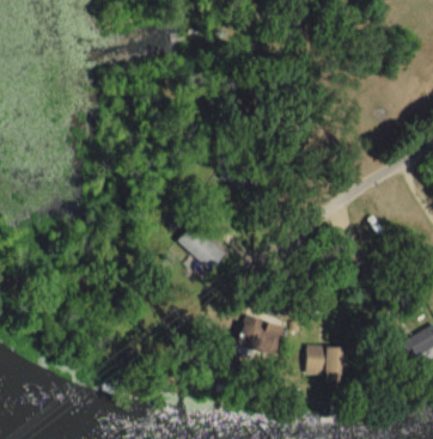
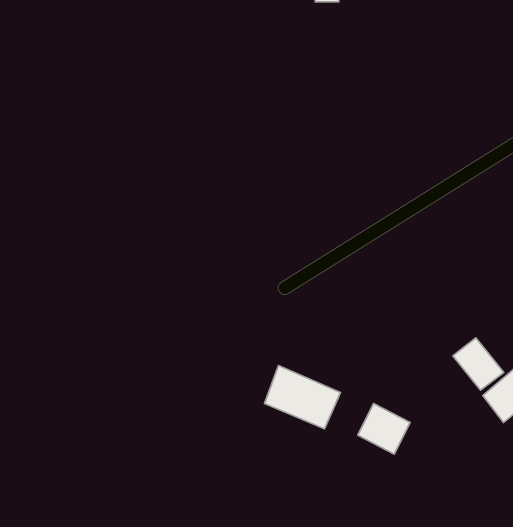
building: [177,225,222,272] -> none
building: none -> [453,338,504,390]

